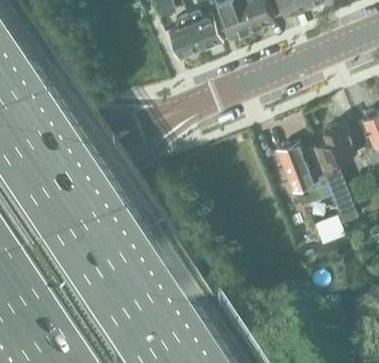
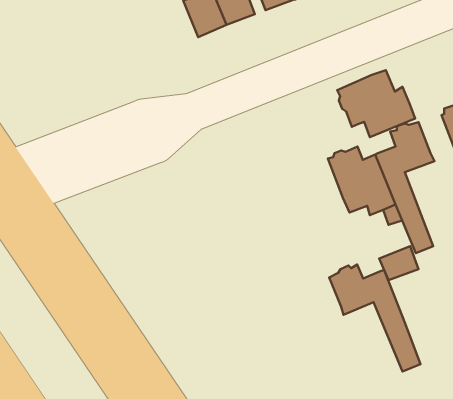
building: none -> [337,70,415,137]
building: none -> [329,265,421,371]

